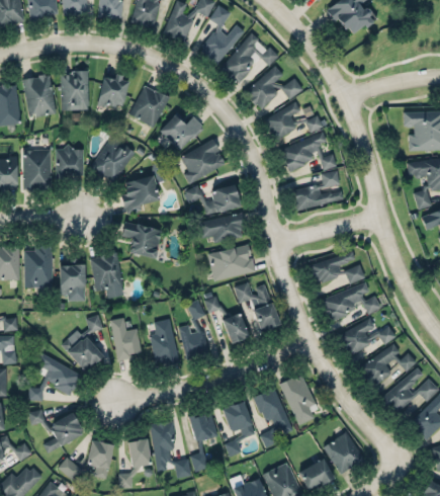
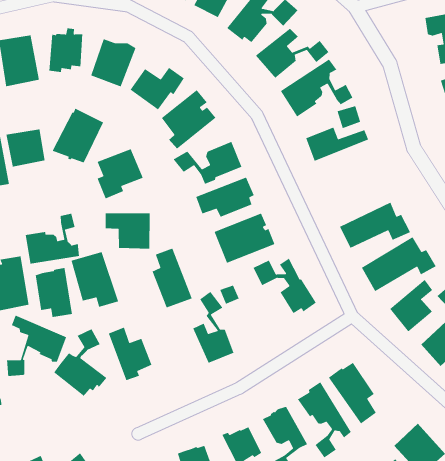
building: none -> [25,213,80,264]
building: [222,314,249,345] -> none
building: [149,320,178,367] -> [151,247,193,308]
building: [27,352,80,402] -> [6,315,67,377]

